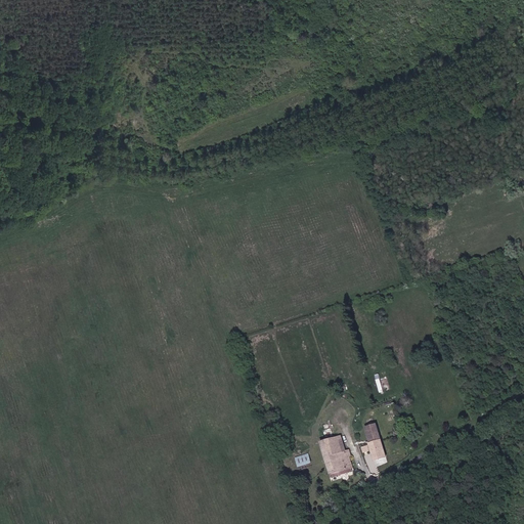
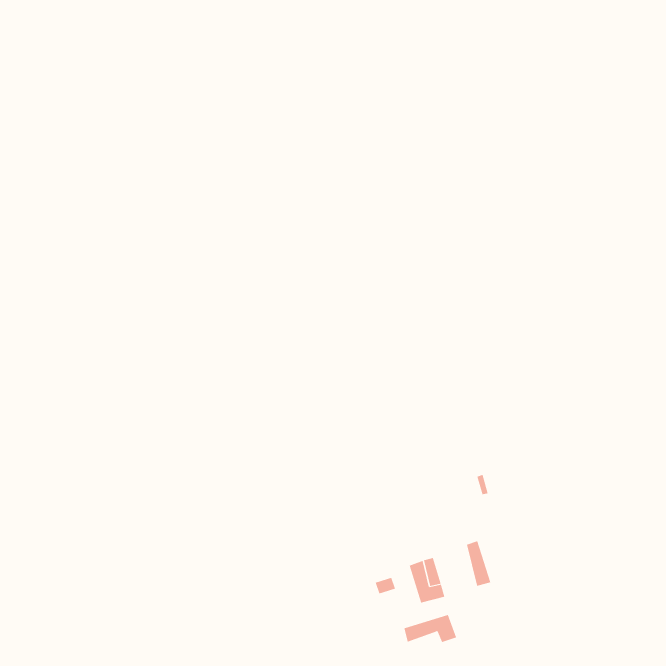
building: none -> [404,614,457,643]

